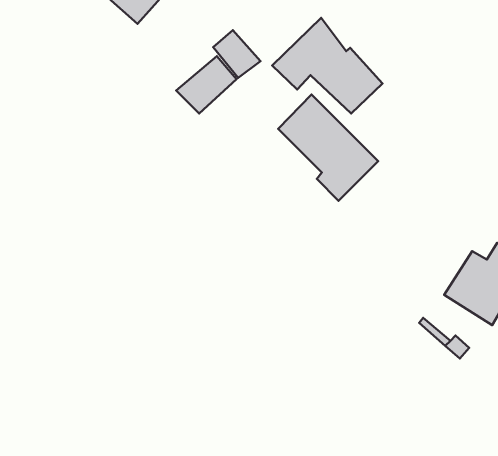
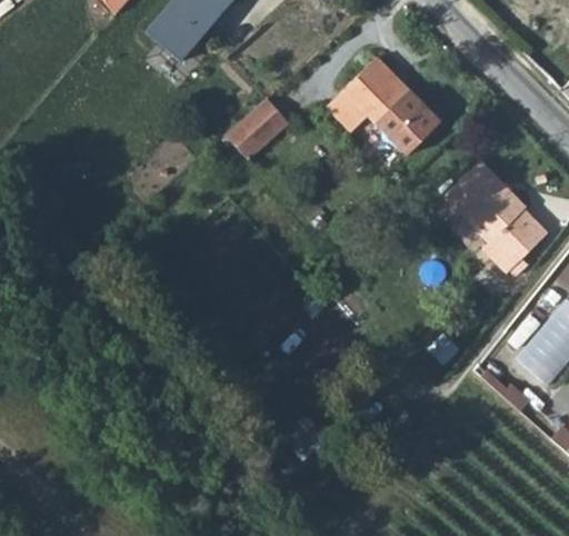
building: [213,30,260,78] -> none
building: [278,94,378,201] -> [443,159,550,272]

